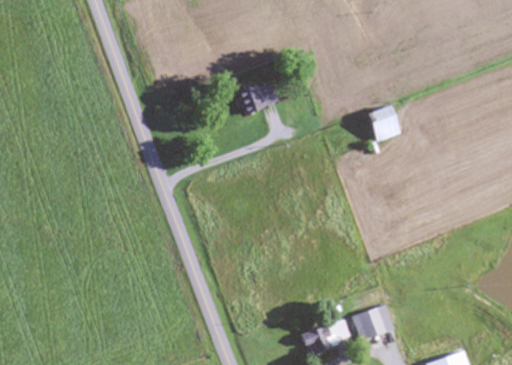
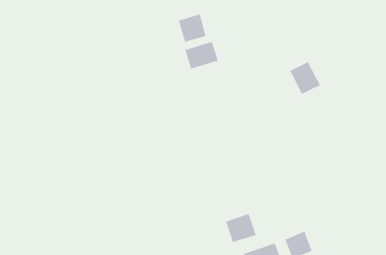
building: none -> [178,14,206,43]
building: none -> [226,213,257,243]

